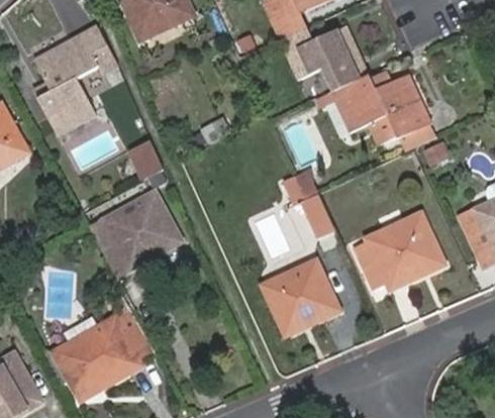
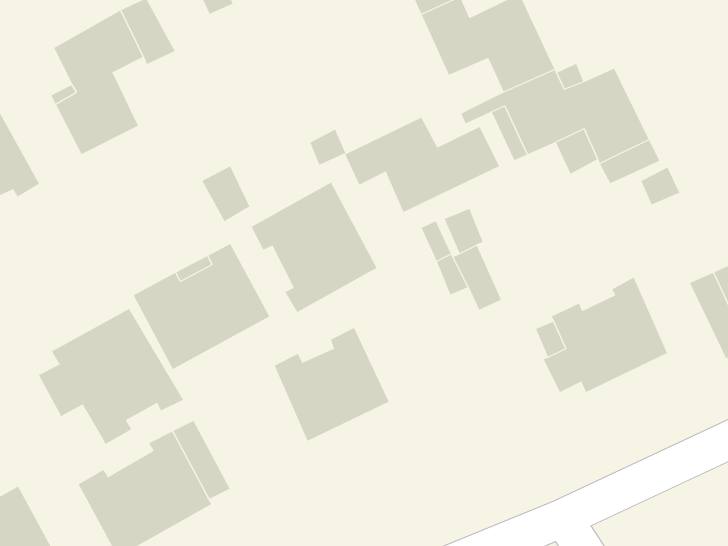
building: none -> [345,117,500,213]
building: none -> [251,182,377,313]
building: none -> [38,308,184,445]
building: [262,258,338,334] -> [274,327,390,442]

